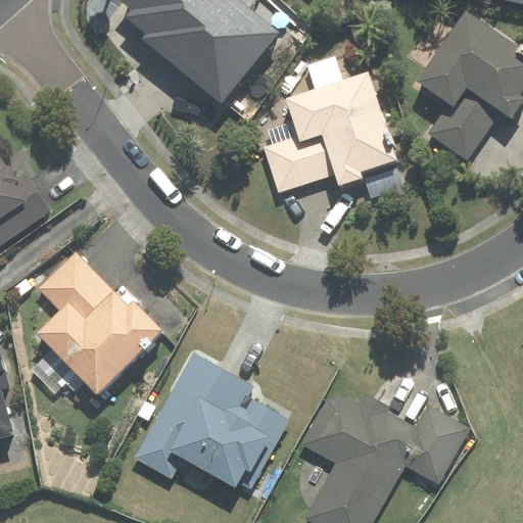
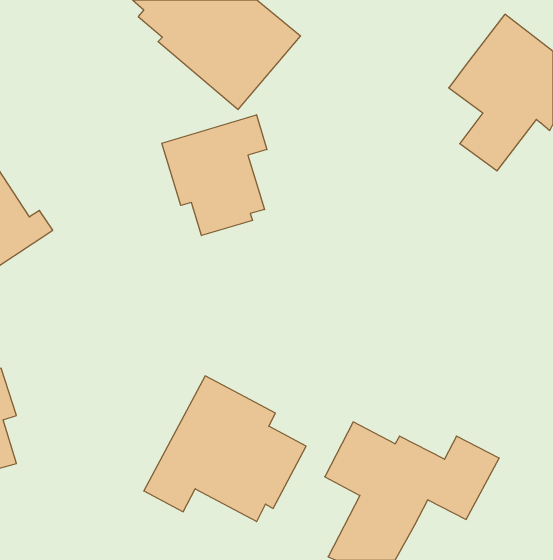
building: [264,59,398,191] -> none
building: none -> [162,115,267,236]
building: [34,252,165,394] -> none

